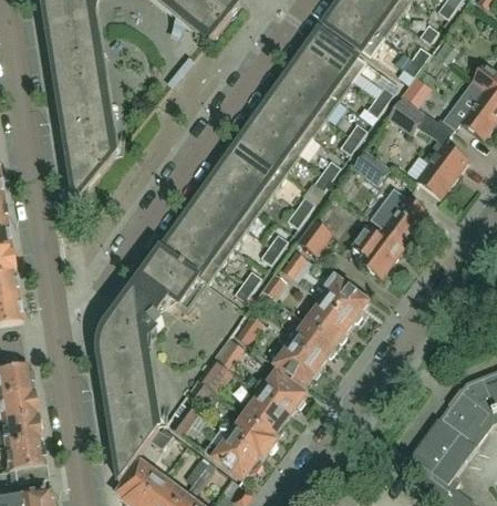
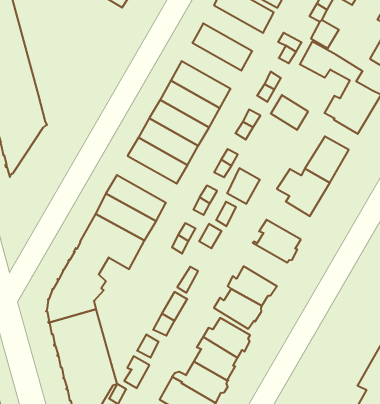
building: [292,47,353,99] -> none
building: [266,83,327,135] -> none
building: [186,193,247,246] -> none
building: [307,297,352,344] -> none

